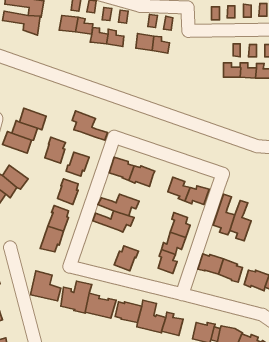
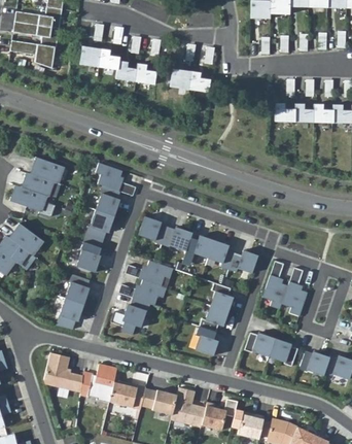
building: [45,137,66,163] -> [96,185,120,216]
building: none -> [184,235,214,258]
building: [114,246,138,271] -> [121,298,150,328]

